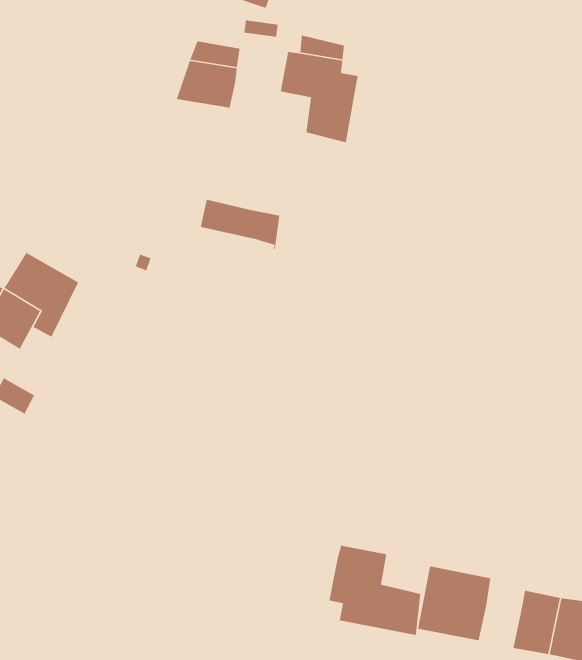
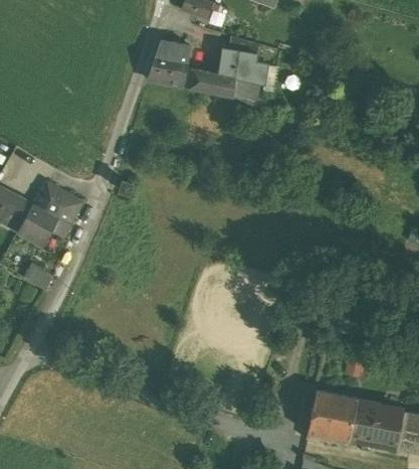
building: [200,199,280,250] -> [182,66,235,101]
building: [328,545,421,636] -> none
building: none -> [348,417,375,445]

